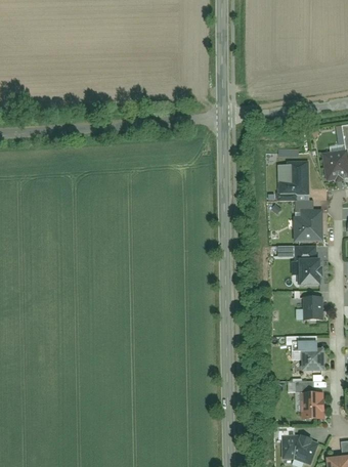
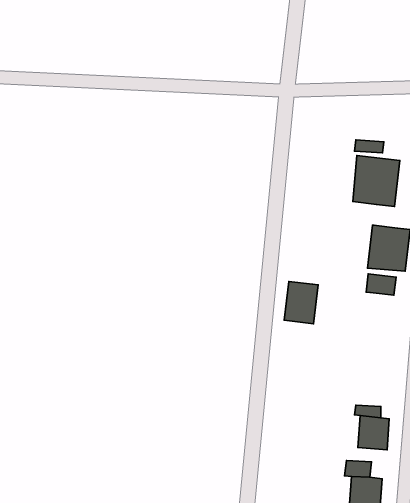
building: [299,258,320,287] -> [284,281,318,324]
building: [303,296,323,320] -> none

